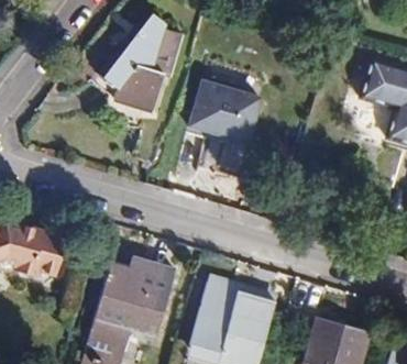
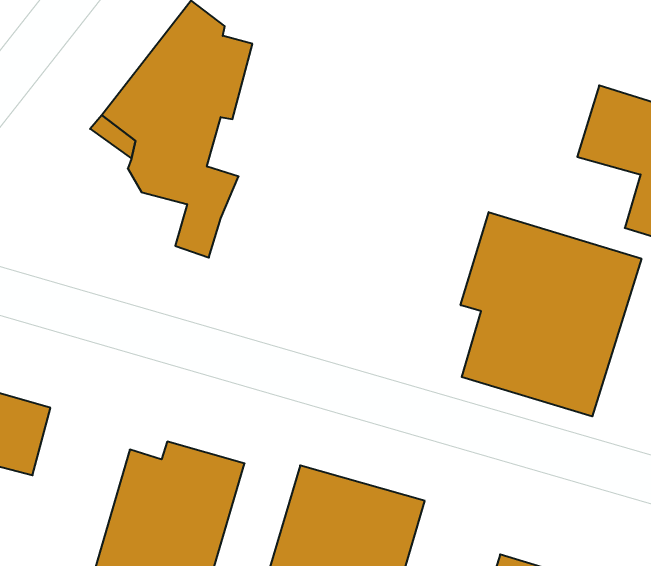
building: [190,81,261,142] -> none
building: none -> [461,212,641,416]

